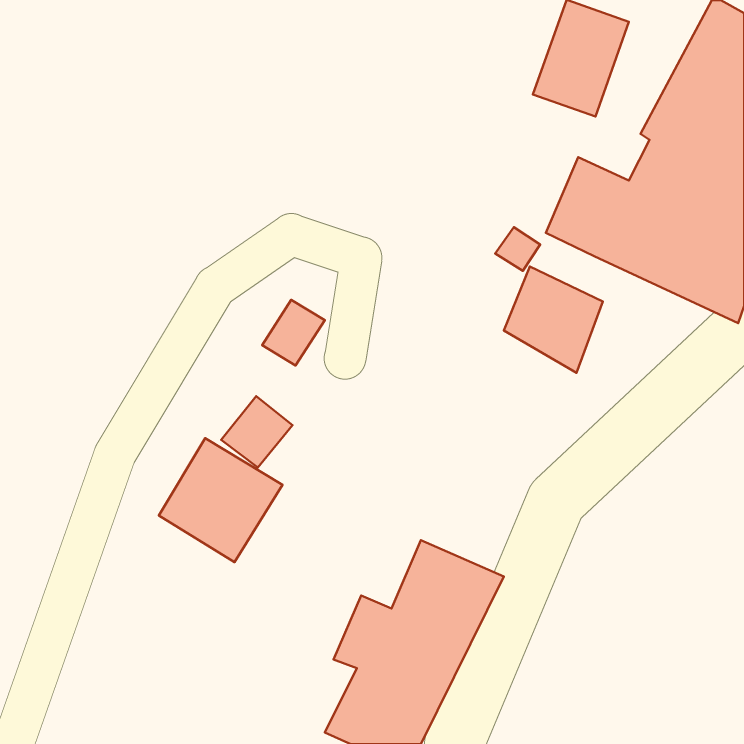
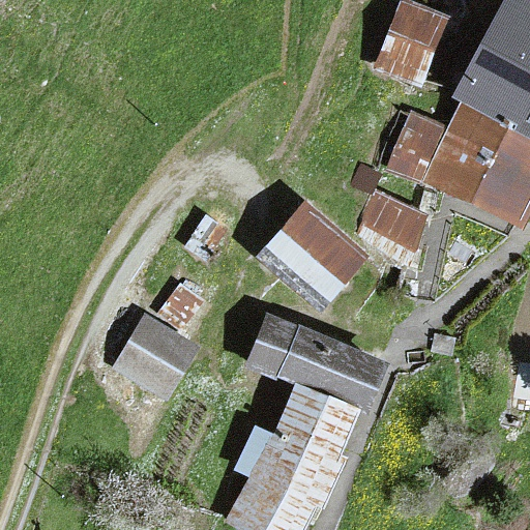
building: none -> [265,204,363,302]
building: none -> [255,317,384,406]

